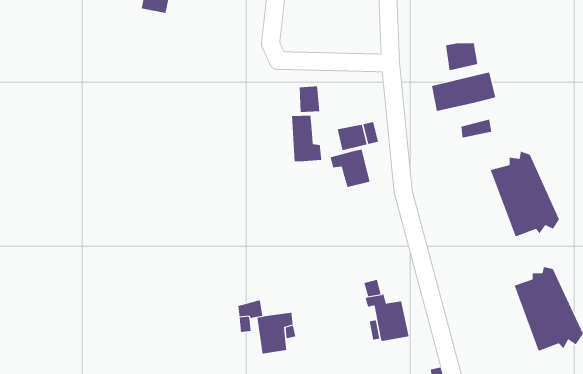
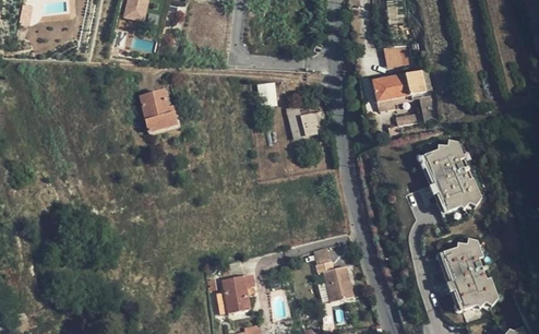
building: none -> [137,91,176,132]
building: [291,115,322,162] -> none
building: [330,149,370,188] -> none

